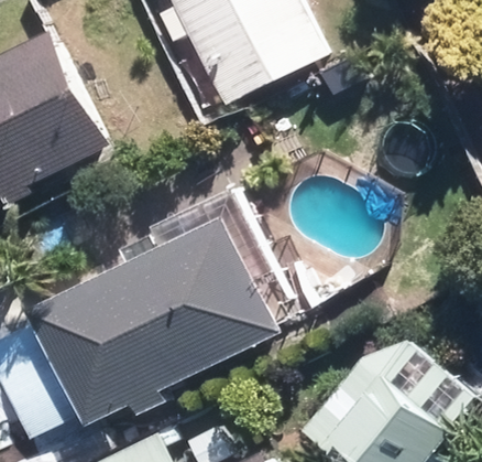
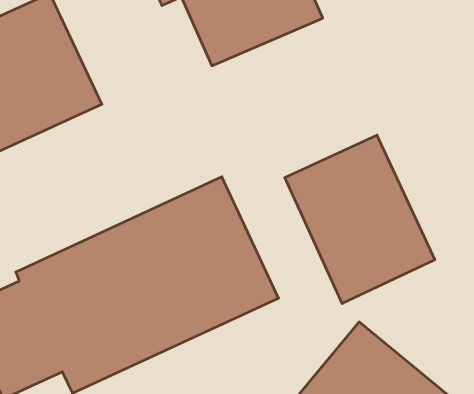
building: none -> [285,135,435,304]

